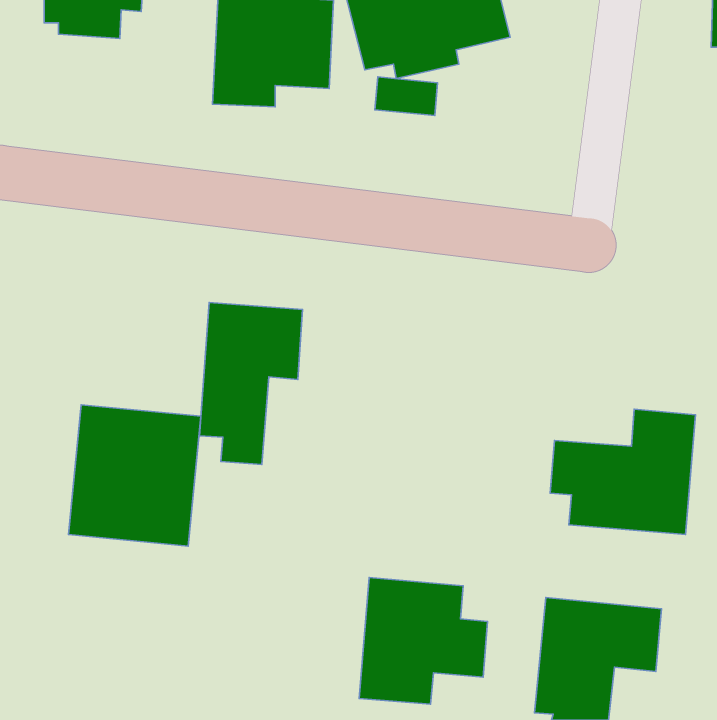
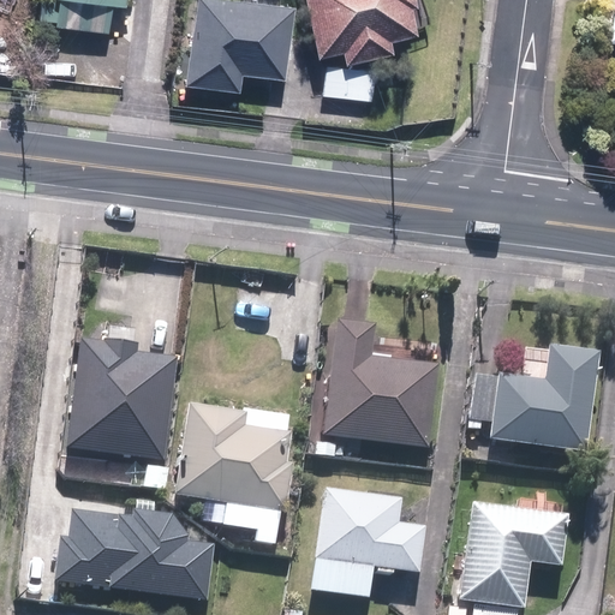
building: [200,302,302,465] -> none
building: none -> [324,321,435,442]
building: none -> [179,405,291,539]
building: none -> [53,510,215,595]

